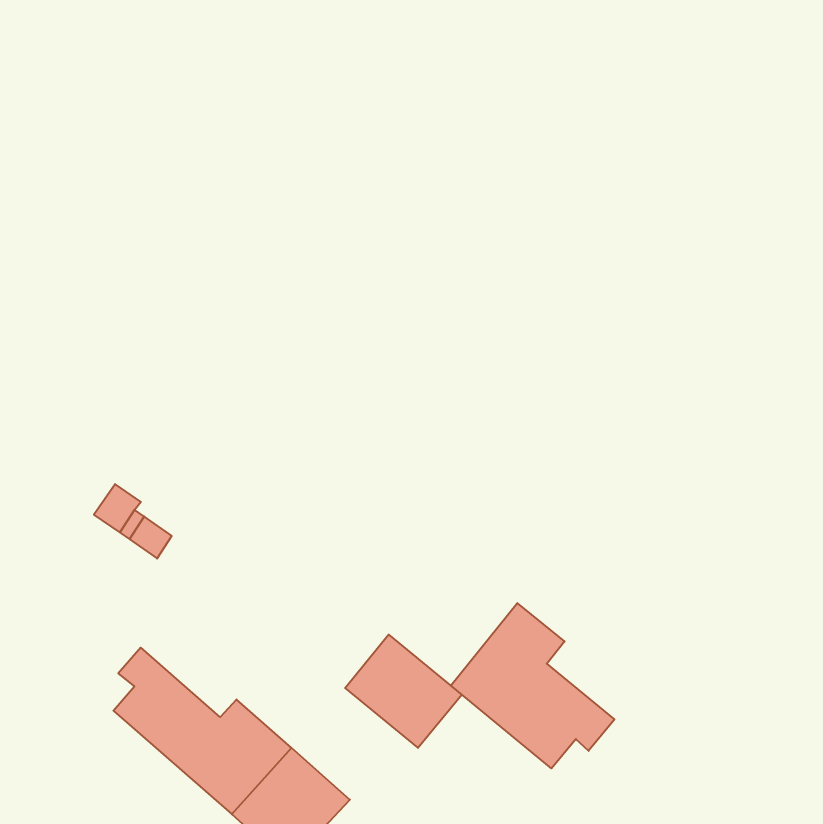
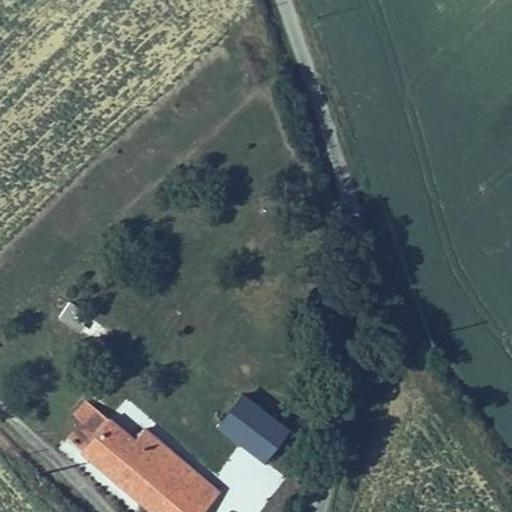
building: [451,603,614,768] -> none

